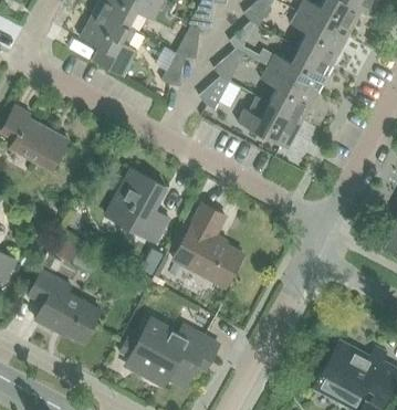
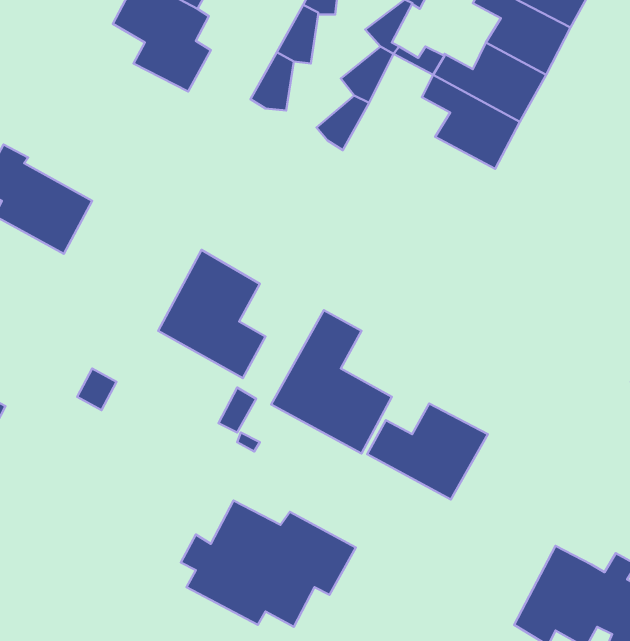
building: [237,95,303,149] -> none
building: none -> [367,403,488,499]
building: [29,271,101,343] -> none

